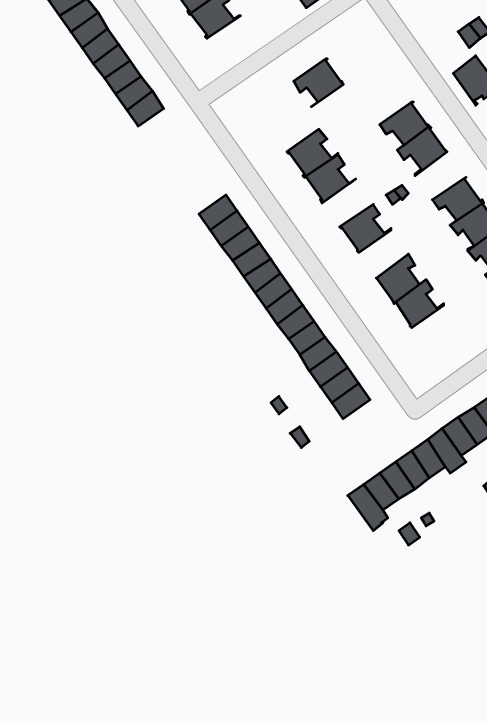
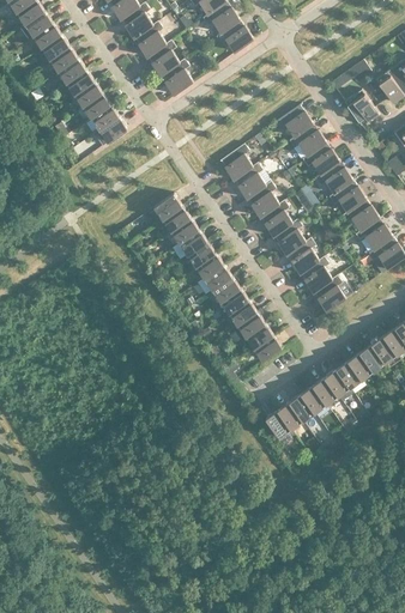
building: none -> [158,60,192,96]
building: [294,59,343,107] -> [274,105,312,141]
building: none -> [314,162,352,198]
building: none -> [244,182,283,218]
building: none -> [272,220,304,256]
building: none -> [312,277,344,312]

